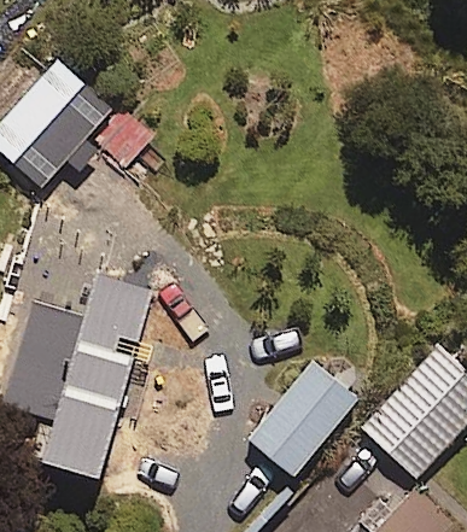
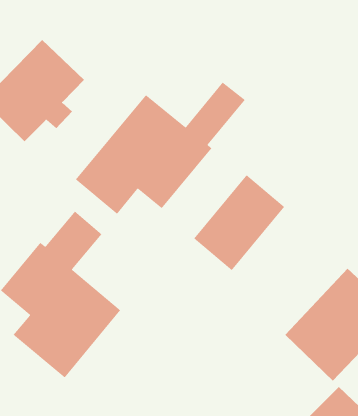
building: none -> [75,82,246,215]
building: [246,359,358,478] -> [193,174,285,271]

